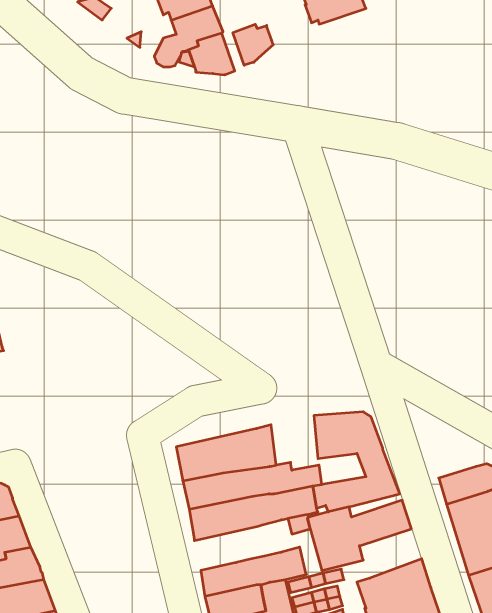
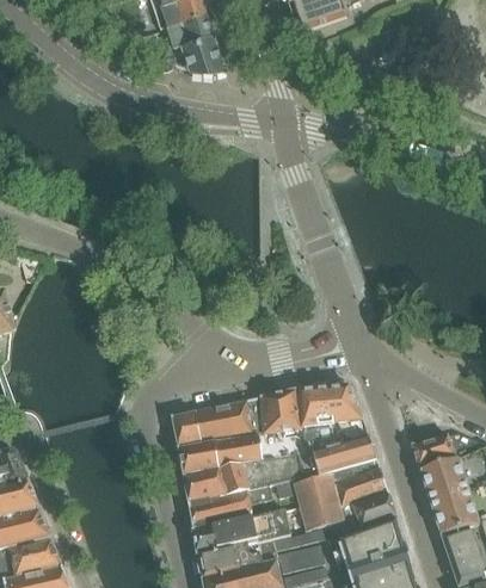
building: [233,24,273,65] -> none
building: none -> [259,390,346,453]
building: none -> [189,485,272,532]
building: none -> [340,494,398,539]

